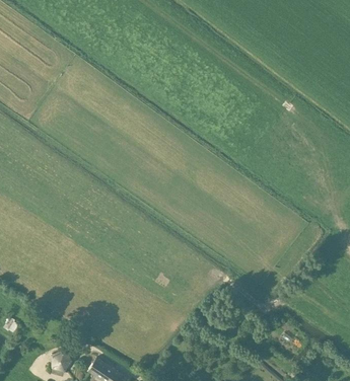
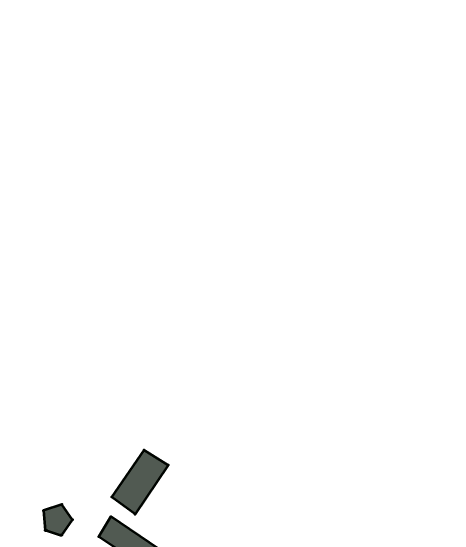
building: none -> [112,450,168,514]

